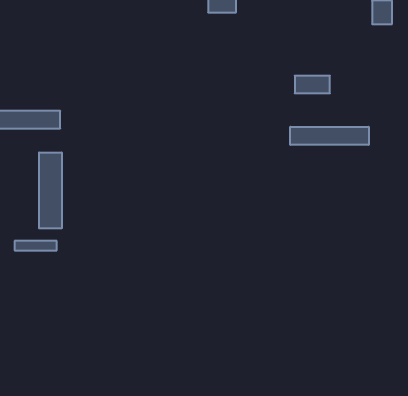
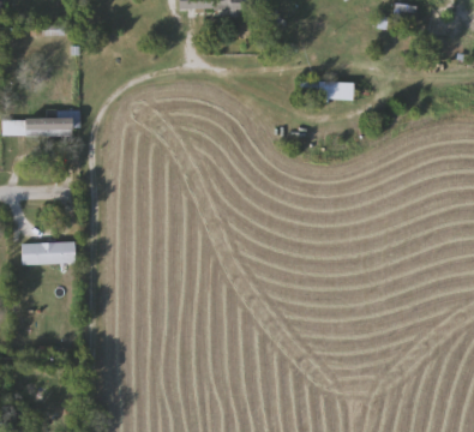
building: [290,127,369,145] -> none
building: [39,152,62,228] -> none

